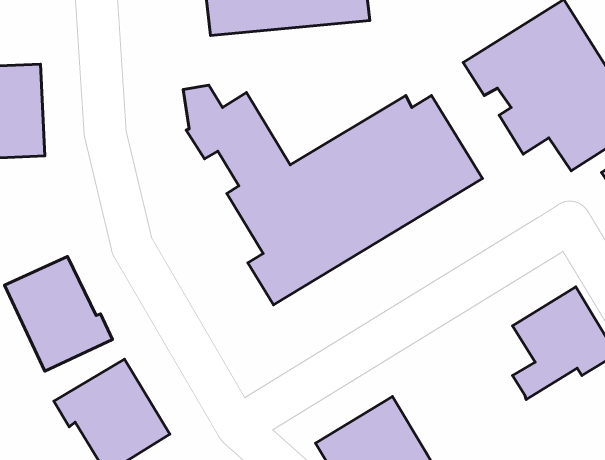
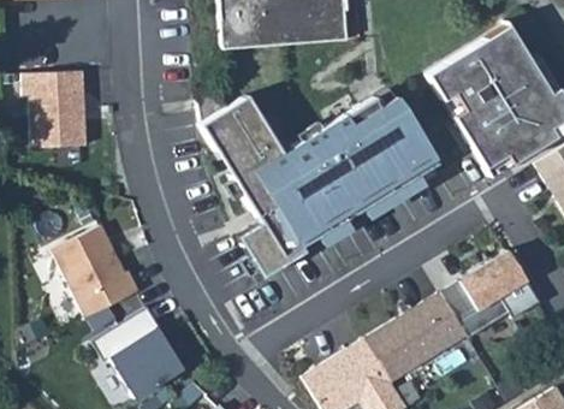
building: none -> [363,291,469,383]

